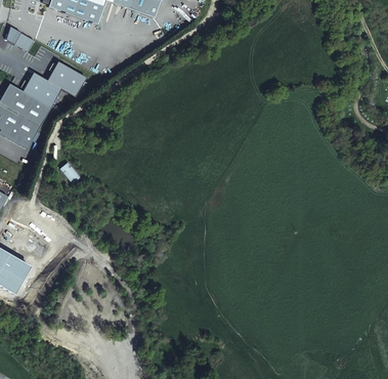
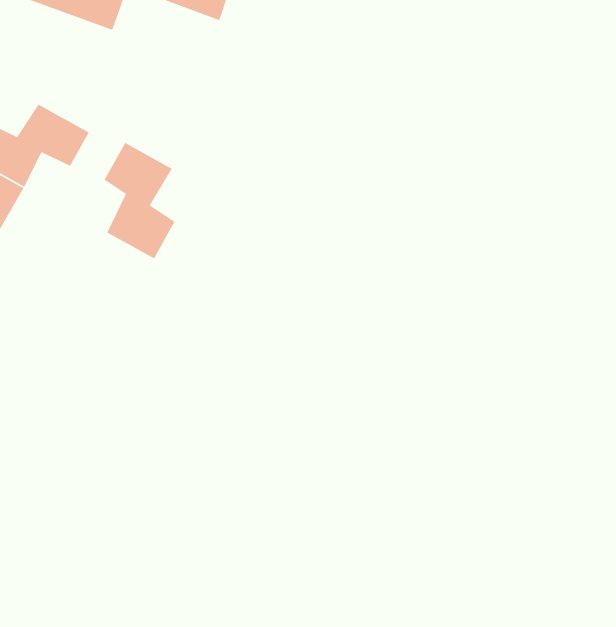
building: none -> [104,142,176,260]

